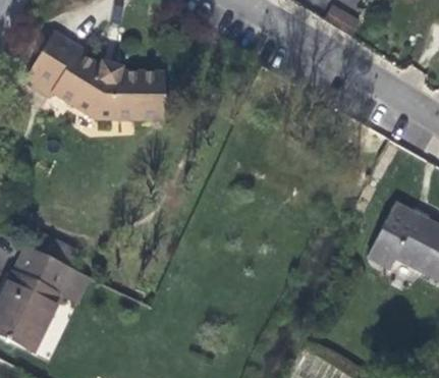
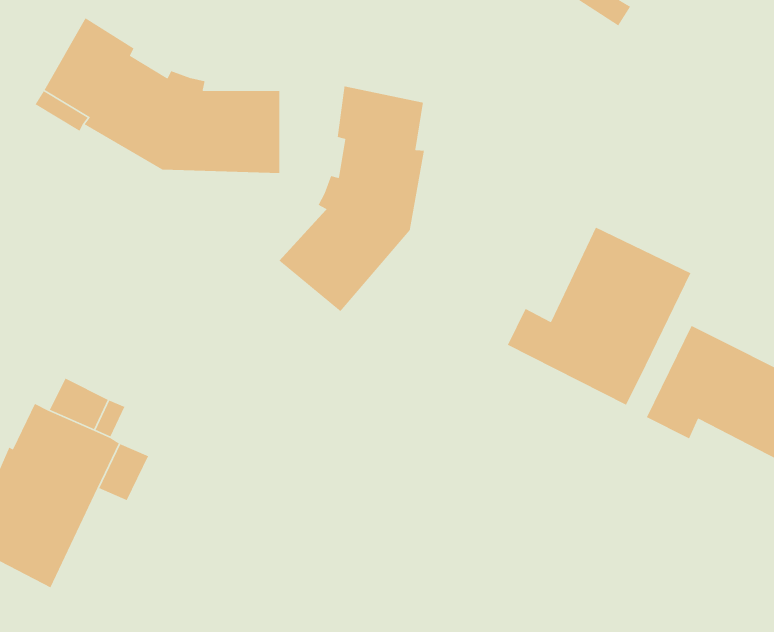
building: none -> [279,86,425,312]
building: none -> [507,226,692,406]

